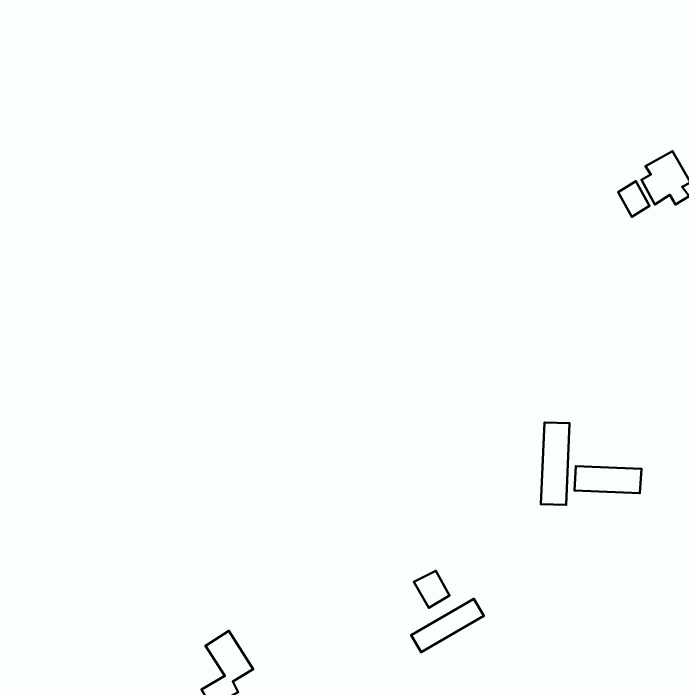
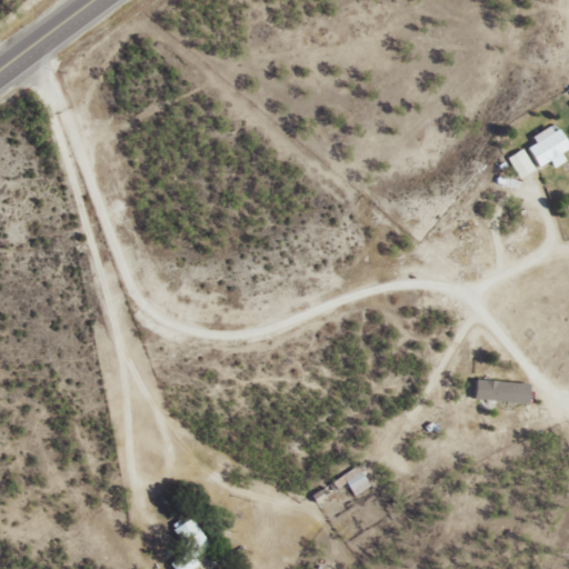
building: [541,423,570,505] -> none
building: [411,599,484,652] -> none

